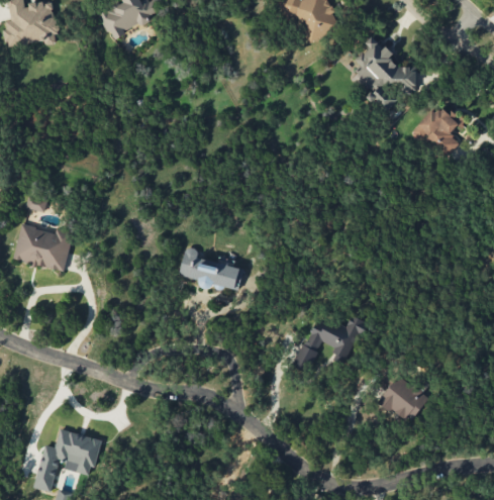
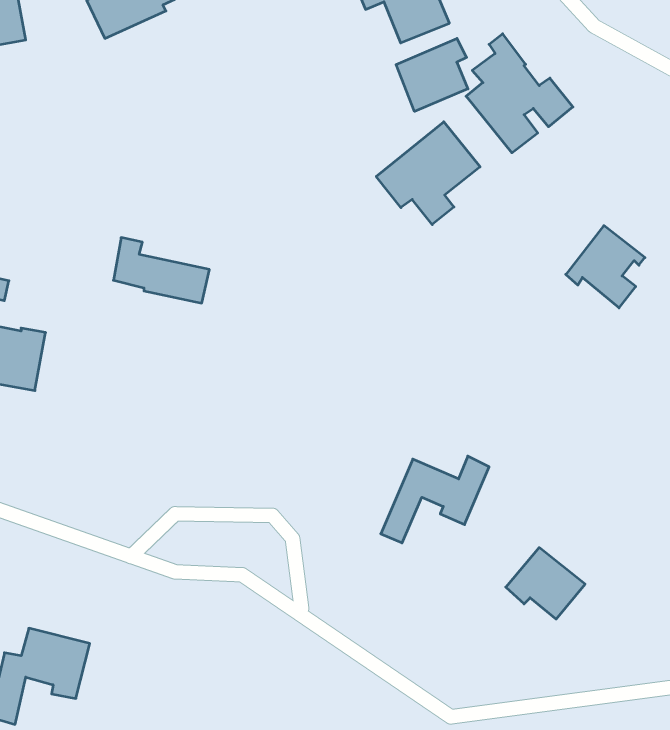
building: none -> [396,38,468,111]
building: none -> [376,122,480,225]
building: [412,101,465,156] -> [566,226,645,308]
building: [180,246,243,290] -> [113,238,209,303]

